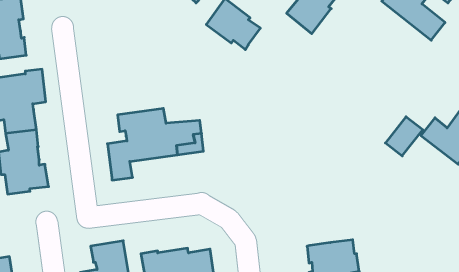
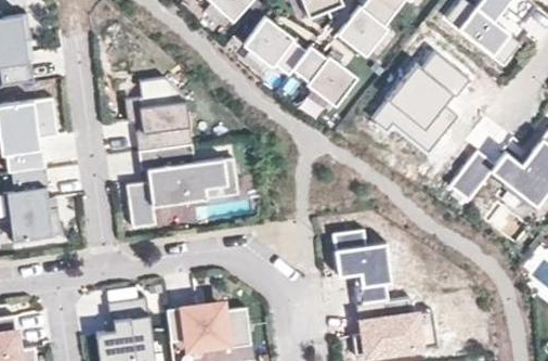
building: none -> [290,46,355,107]
building: none -> [373,54,468,153]
building: none -> [125,77,192,152]
building: none -> [329,231,390,304]

